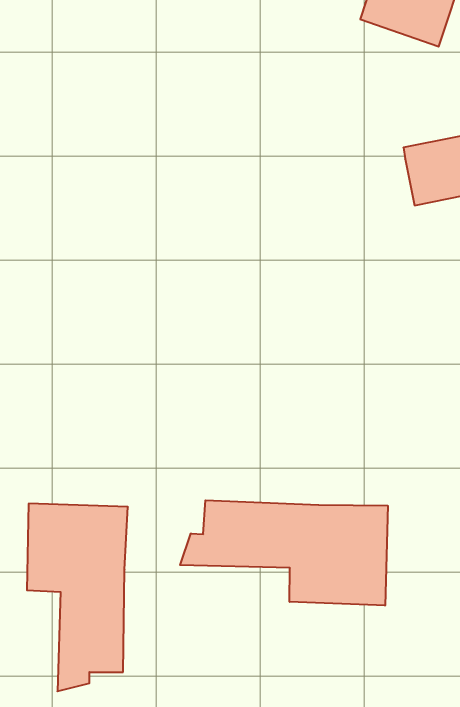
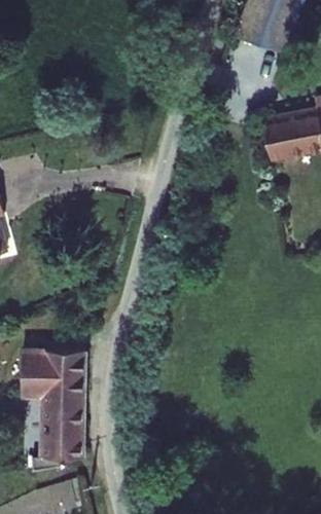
building: [180,500,388,606] -> none

